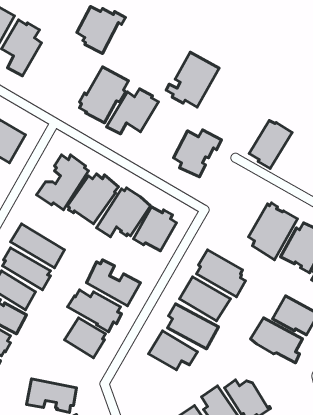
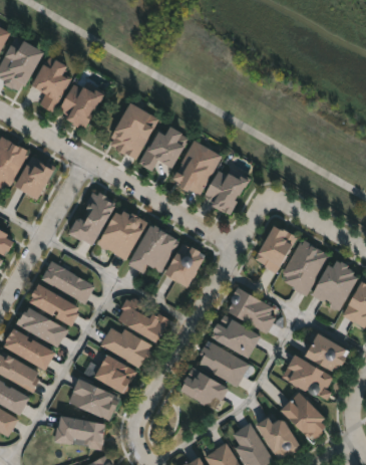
building: [77,6,126,53] -> [58,84,107,132]
building: [166,52,219,107] -> [167,141,221,196]
building: [249,120,292,168] -> [253,226,296,274]
building: none -> [66,378,117,420]
building: none -> [280,392,325,439]

